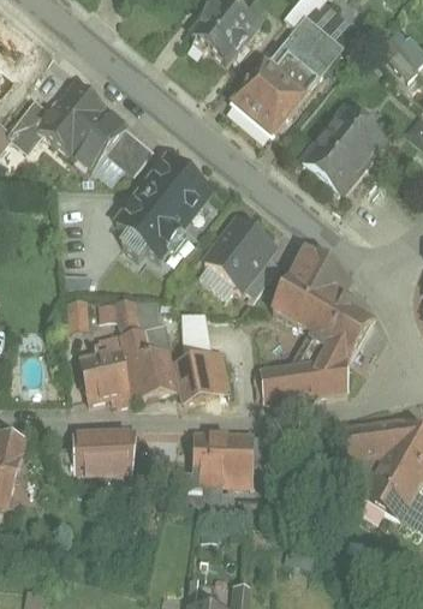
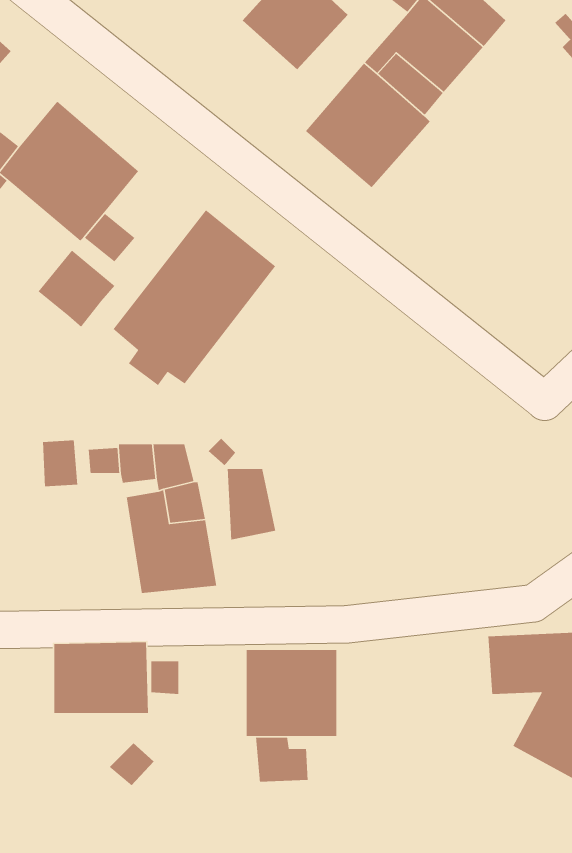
building: [297,101,394,199] -> none
building: [105,127,154,177] -> [37,250,116,328]
building: [199,213,278,291] -> none
building: [260,245,375,402] -> none
building: [79,333,127,404] -> none
building: [172,353,226,402] -> none

